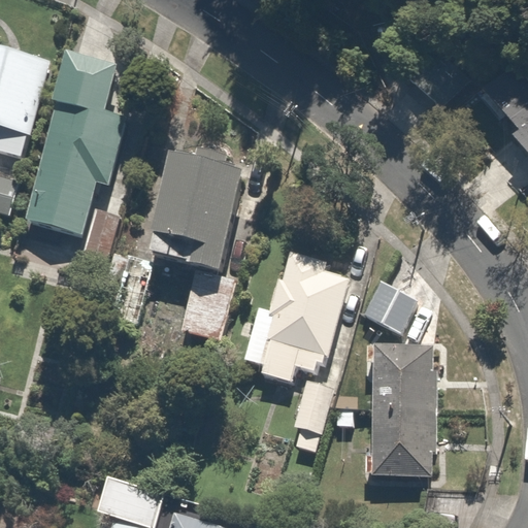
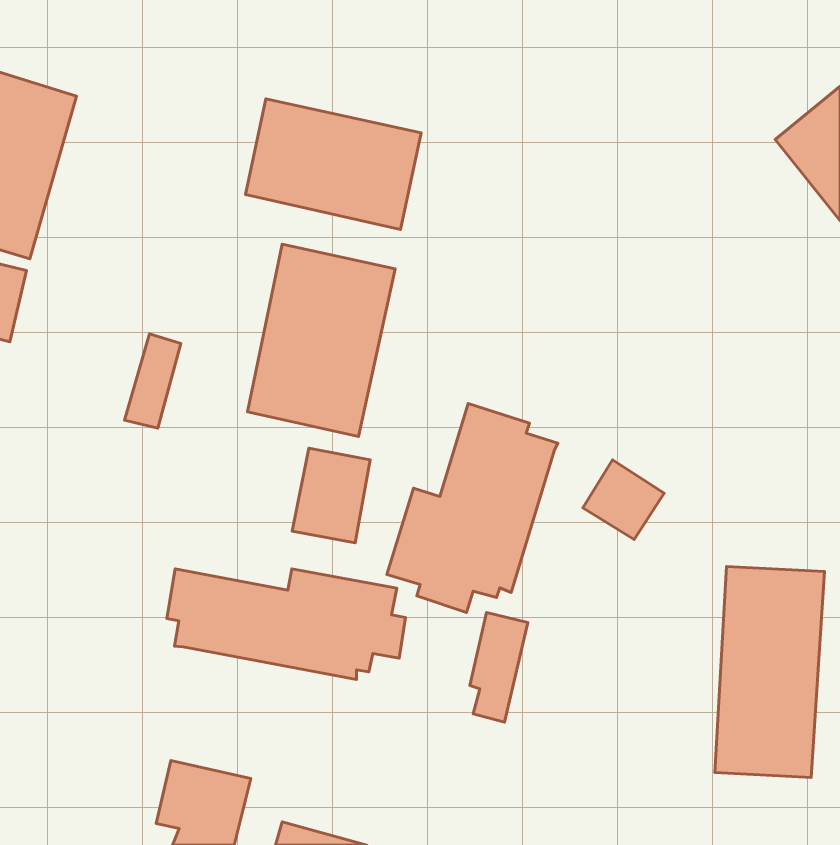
building: [25,54,133,238] -> none
building: none -> [246,99,421,230]
building: [370,349,438,480] -> [715,567,824,777]
building: none -> [167,569,405,680]

